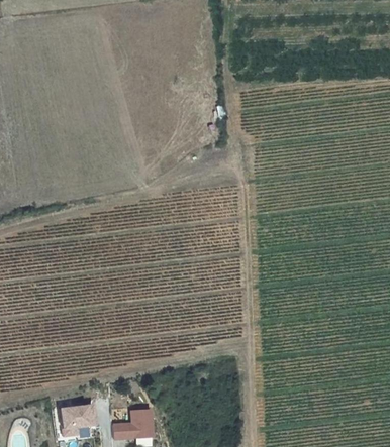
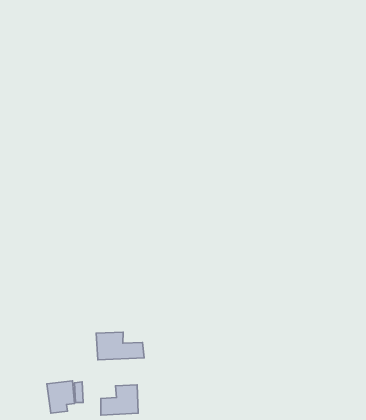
building: none -> [96,332,144,360]

